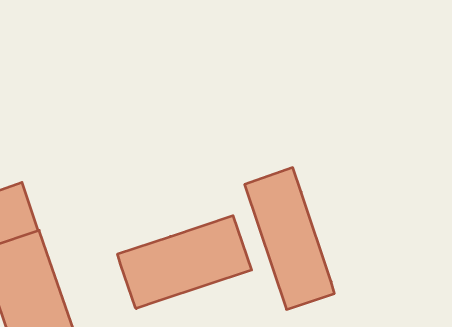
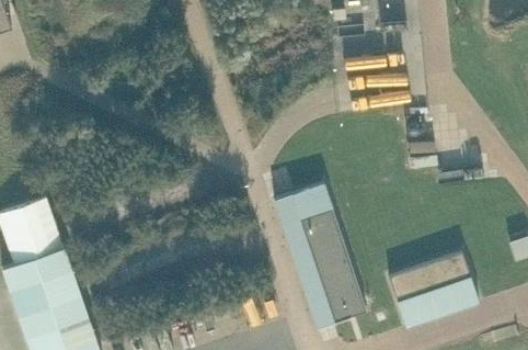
building: [118,216,252,309] -> none
building: none -> [389,252,479,328]

